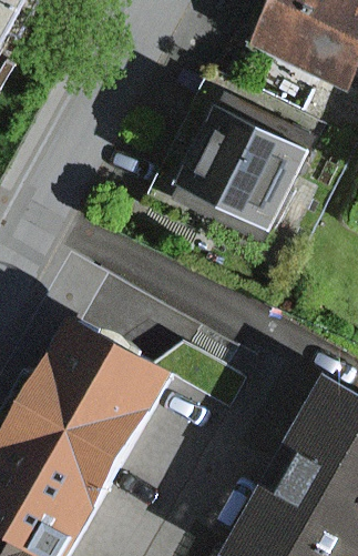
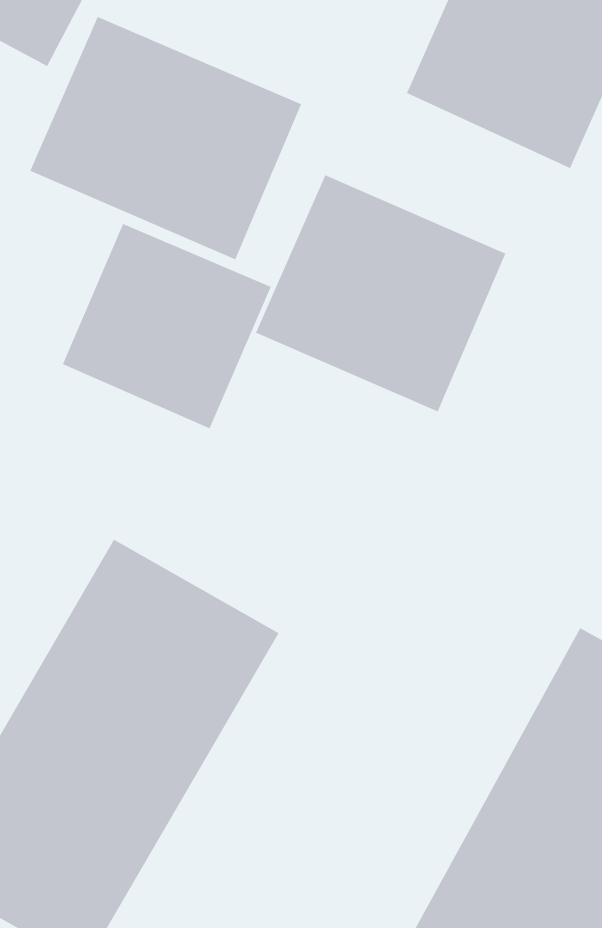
building: none -> [30,16,302,260]
building: none -> [62,223,272,429]

